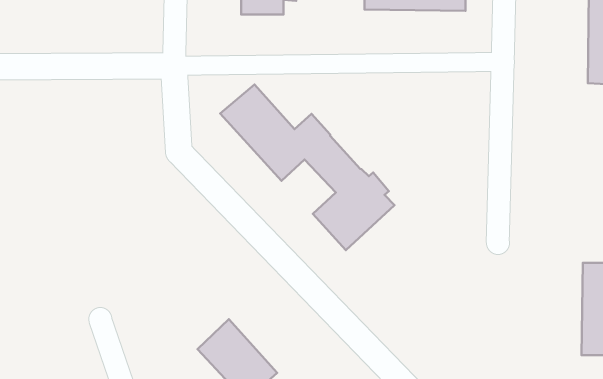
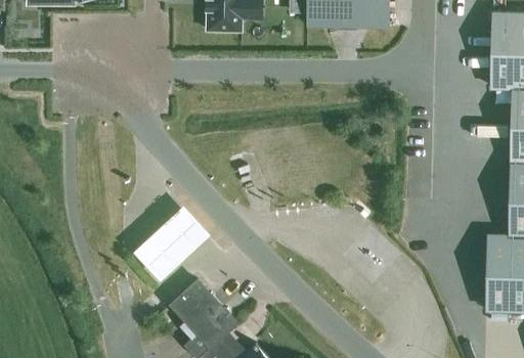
building: [220,84,394,250] -> none
building: none -> [134,200,211,276]

